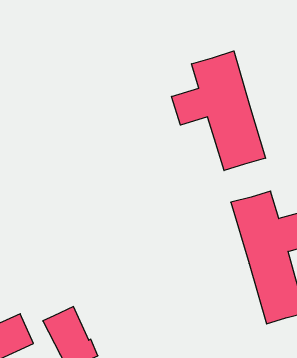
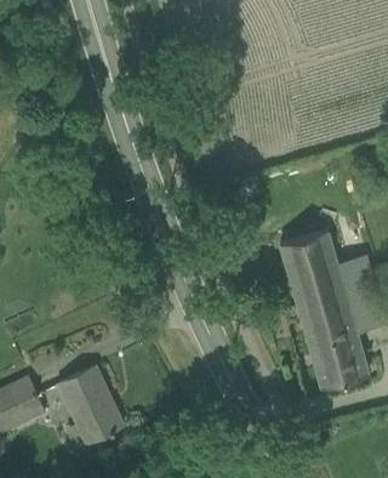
building: [172,51,266,171] -> none

